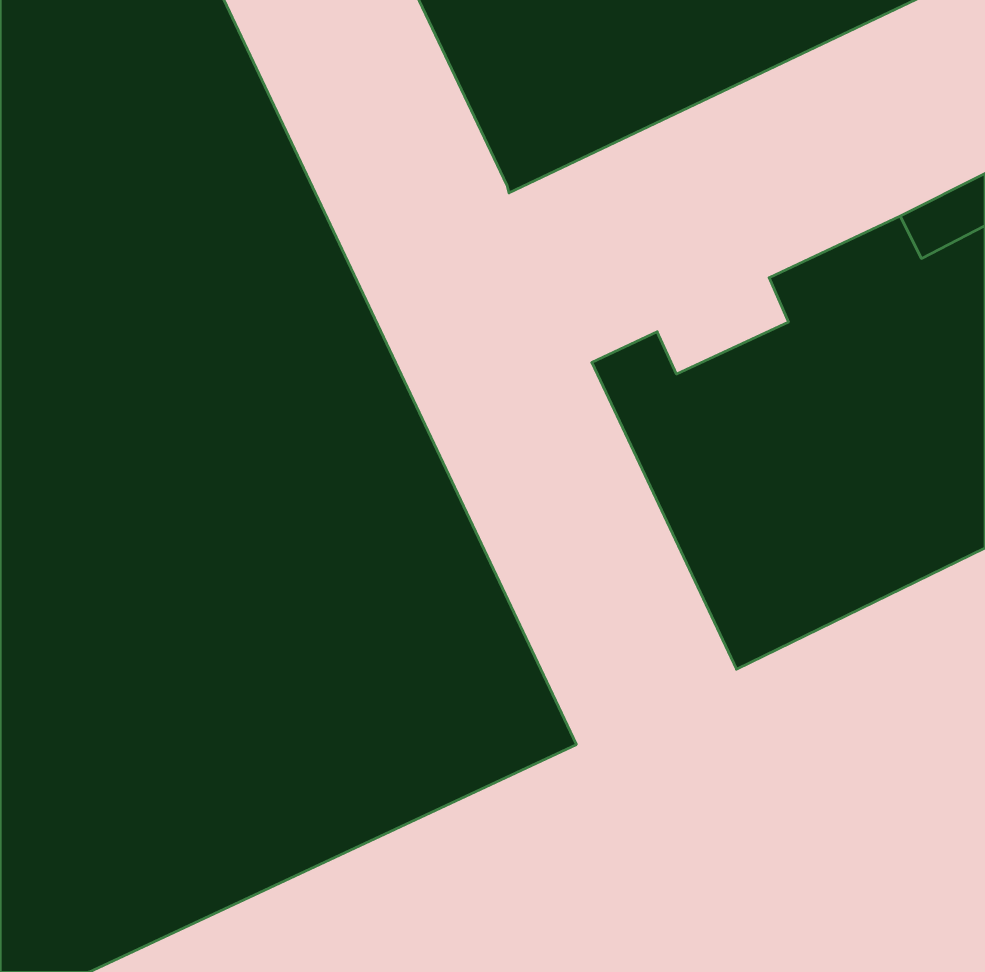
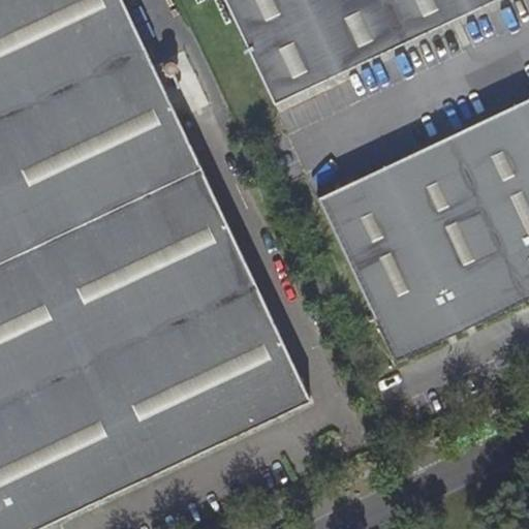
building: none -> [352,149,423,200]

